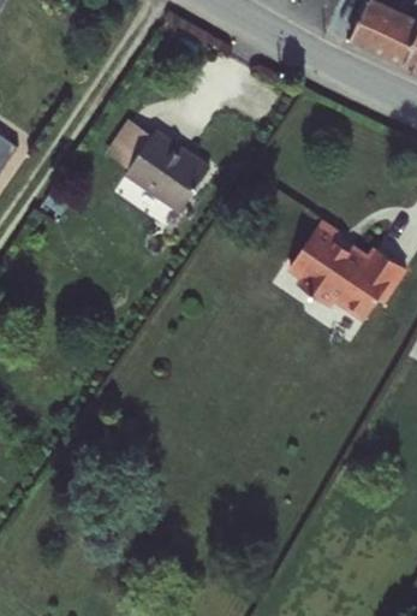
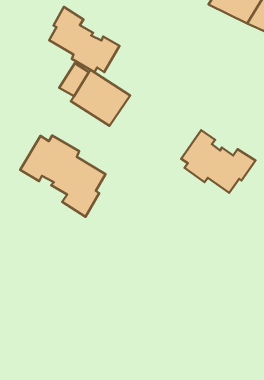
building: none -> [49,7,119,72]
building: none -> [20,135,106,217]

